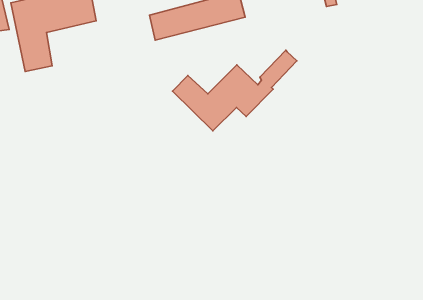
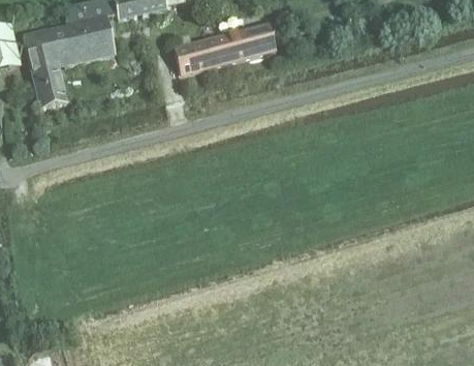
building: [173,50,297,131] -> none

